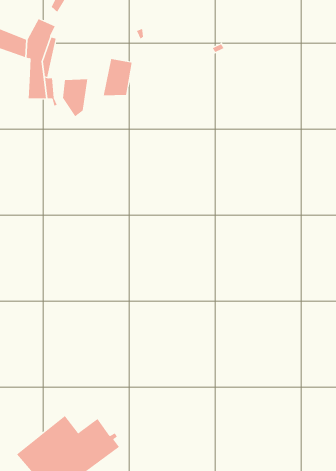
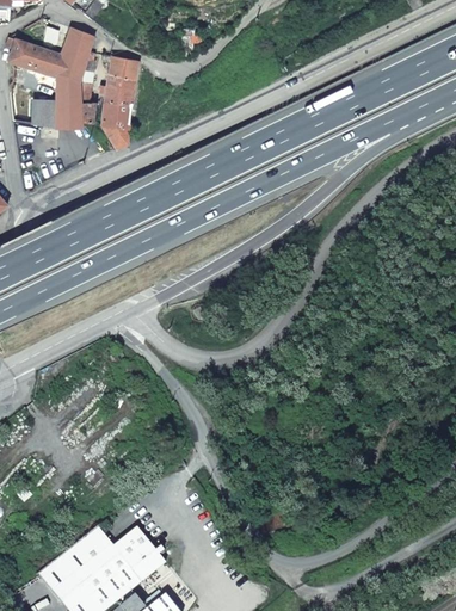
building: [103,59,133,96] -> [100,57,137,104]
building: none -> [30,105,56,128]

